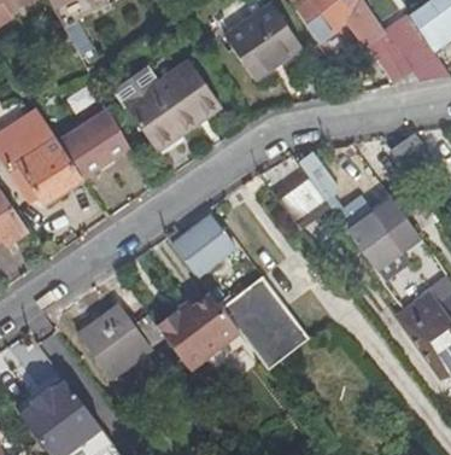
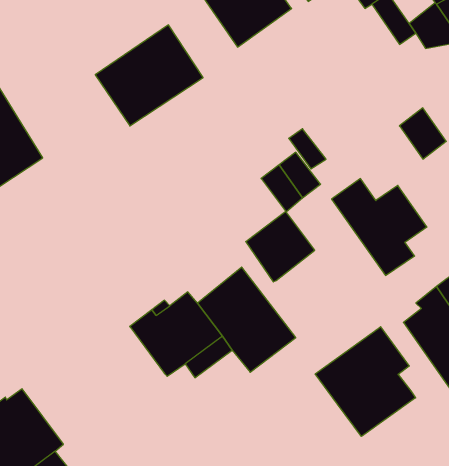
building: [61,110,130,176] -> none
building: [172,215,233,276] -> [246,211,315,282]
building: [78,304,189,377] -> none
building: none -> [315,327,416,436]

